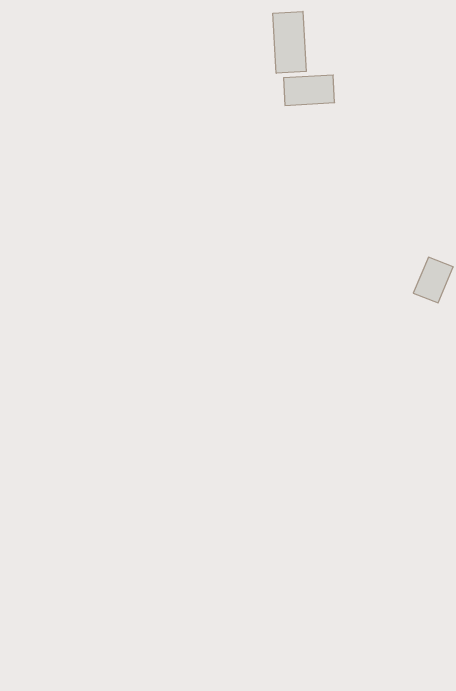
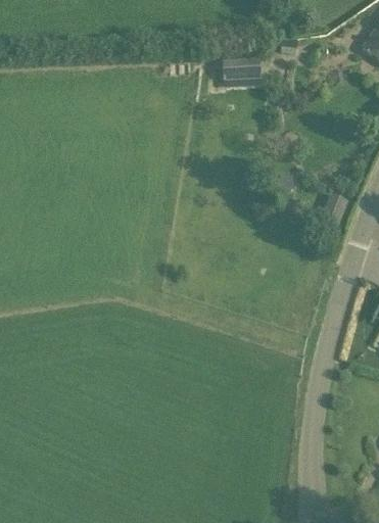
building: [273,11,306,73] -> none

